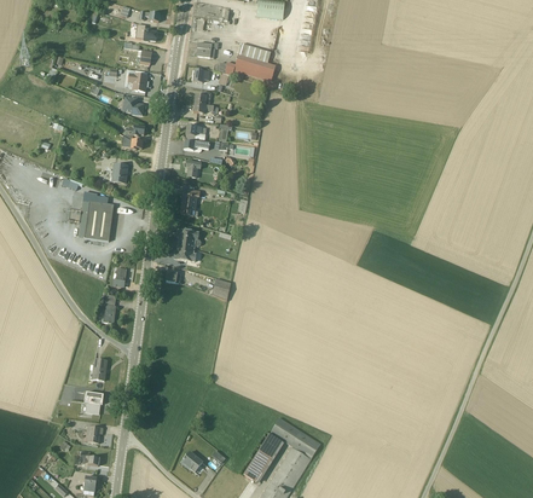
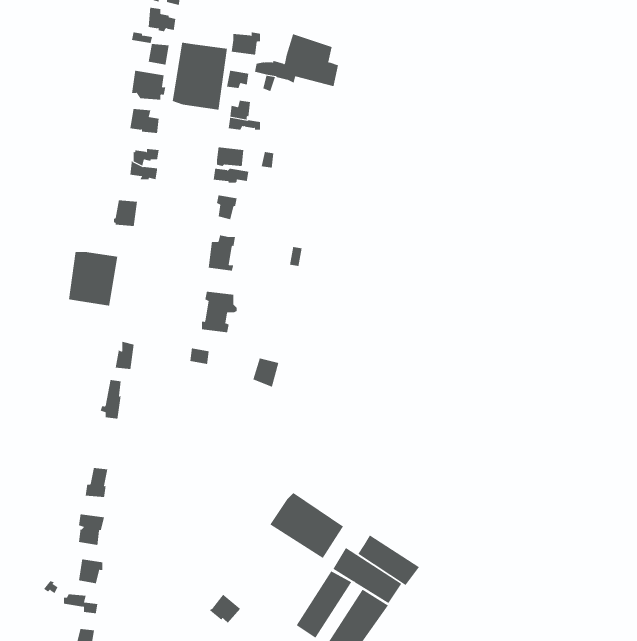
building: none -> [172,42,227,111]
building: none -> [270,492,344,559]
building: none -> [357,534,420,586]

